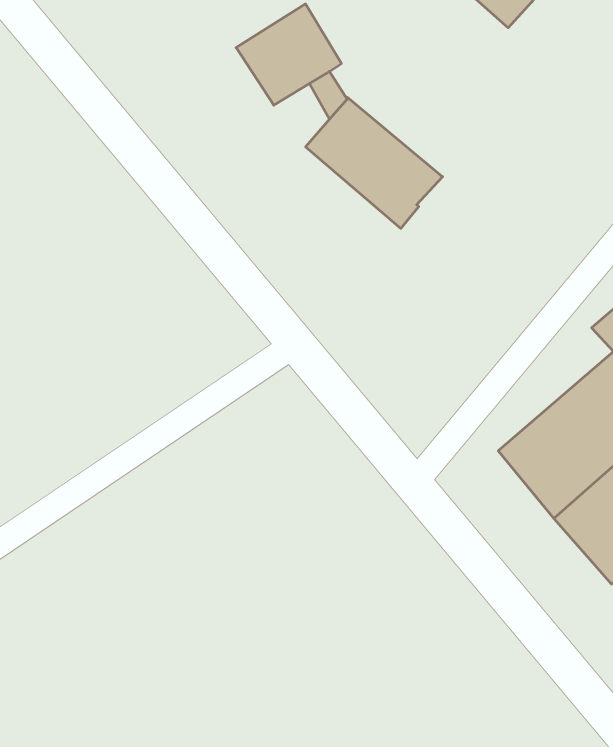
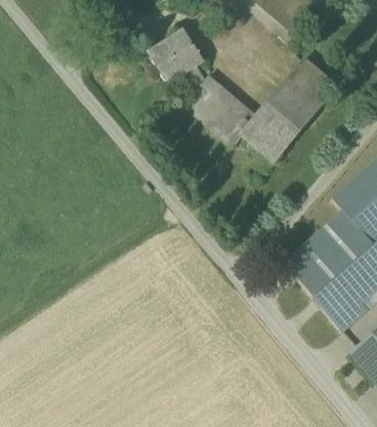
building: none -> [243,61,337,160]

